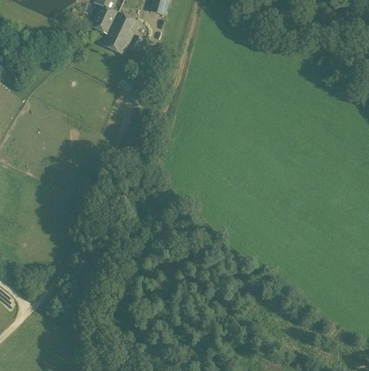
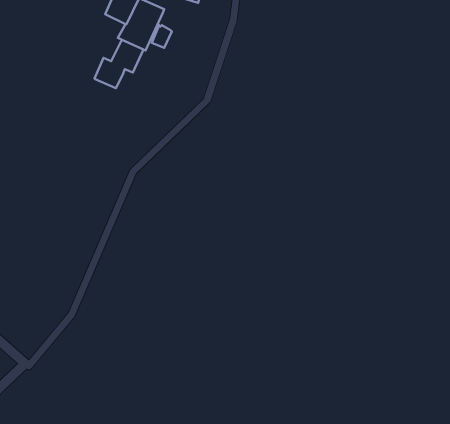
building: none -> [94,40,143,88]

